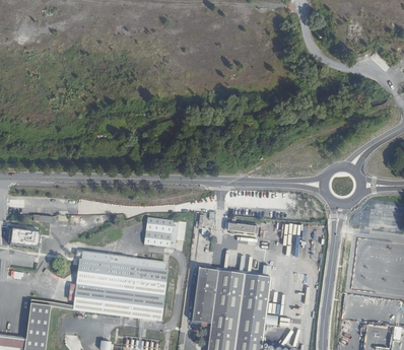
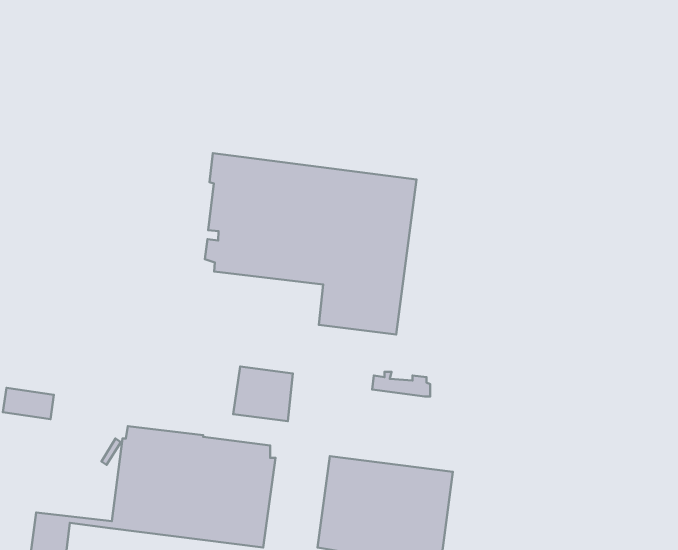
building: none -> [205,153,416,334]

